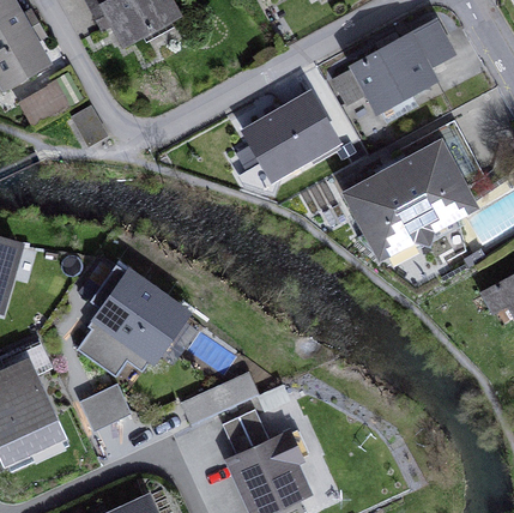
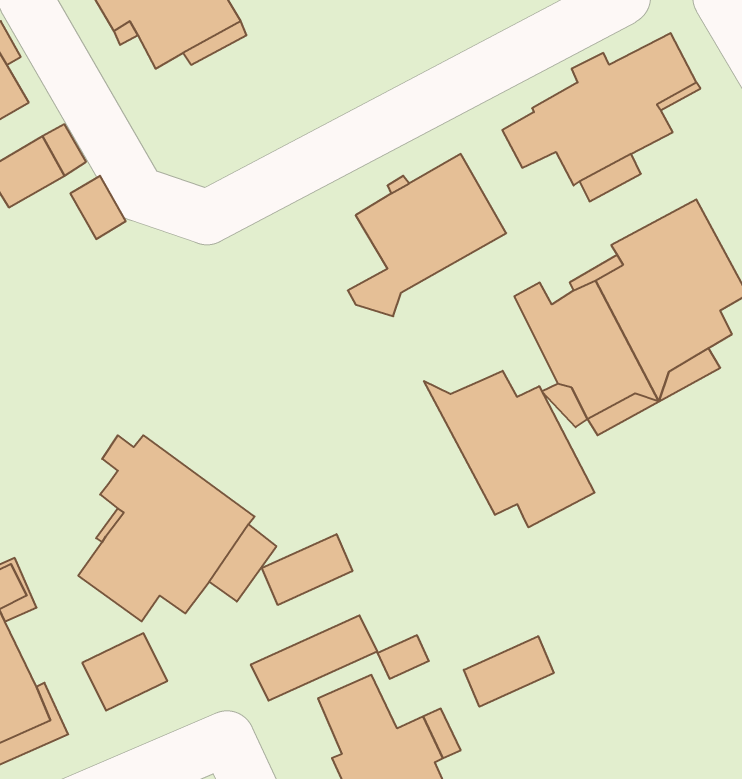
building: none -> [424,371,595,527]
building: none -> [262,534,352,605]
building: none -> [464,636,554,707]

